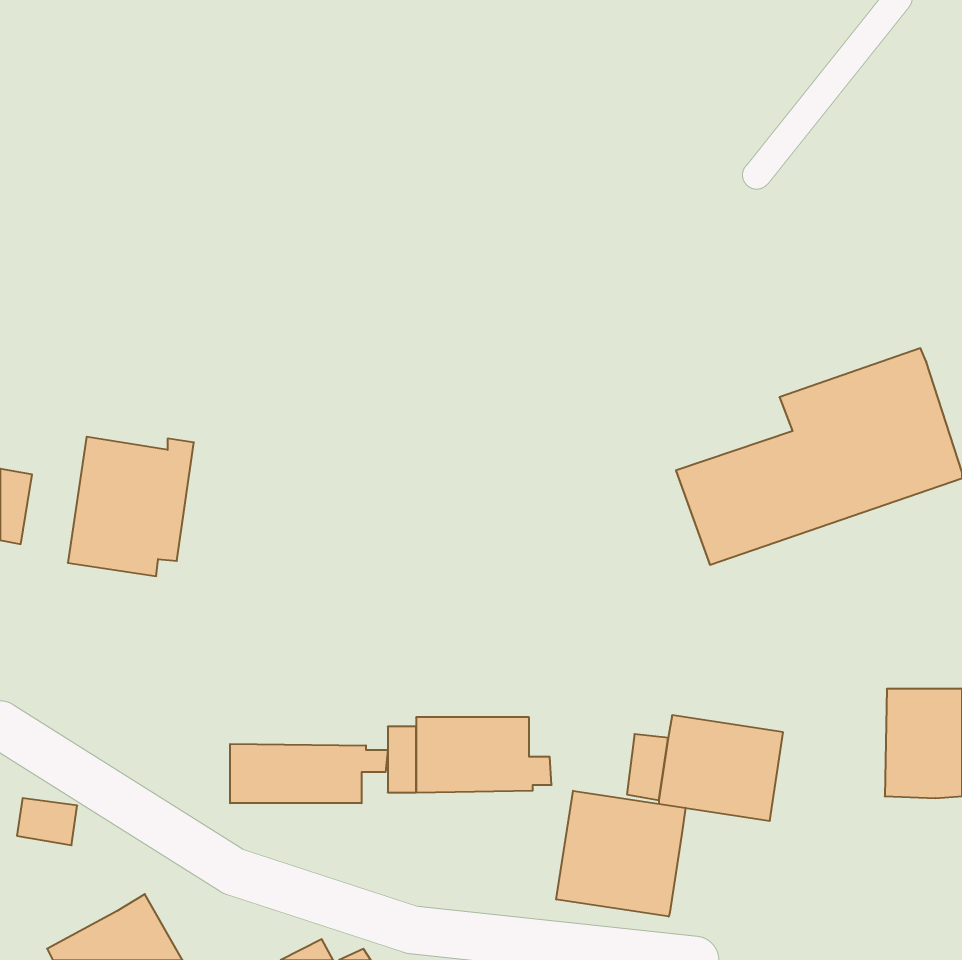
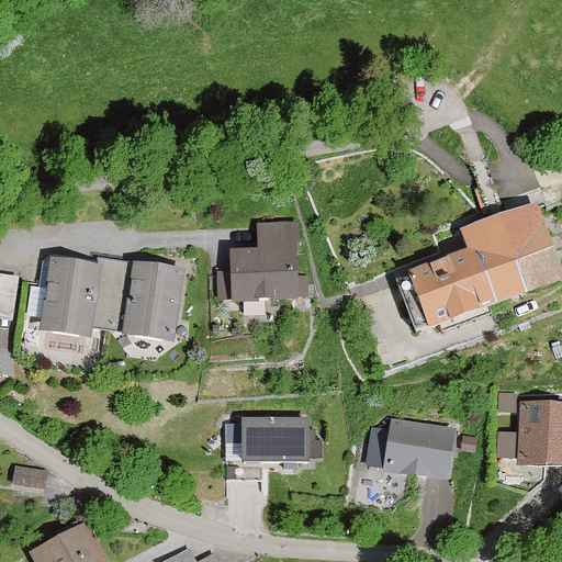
building: none -> [217,221,300,301]
building: none -> [103,258,183,337]
building: [230,744,388,803] -> none
building: [556,791,686,917] -> none

